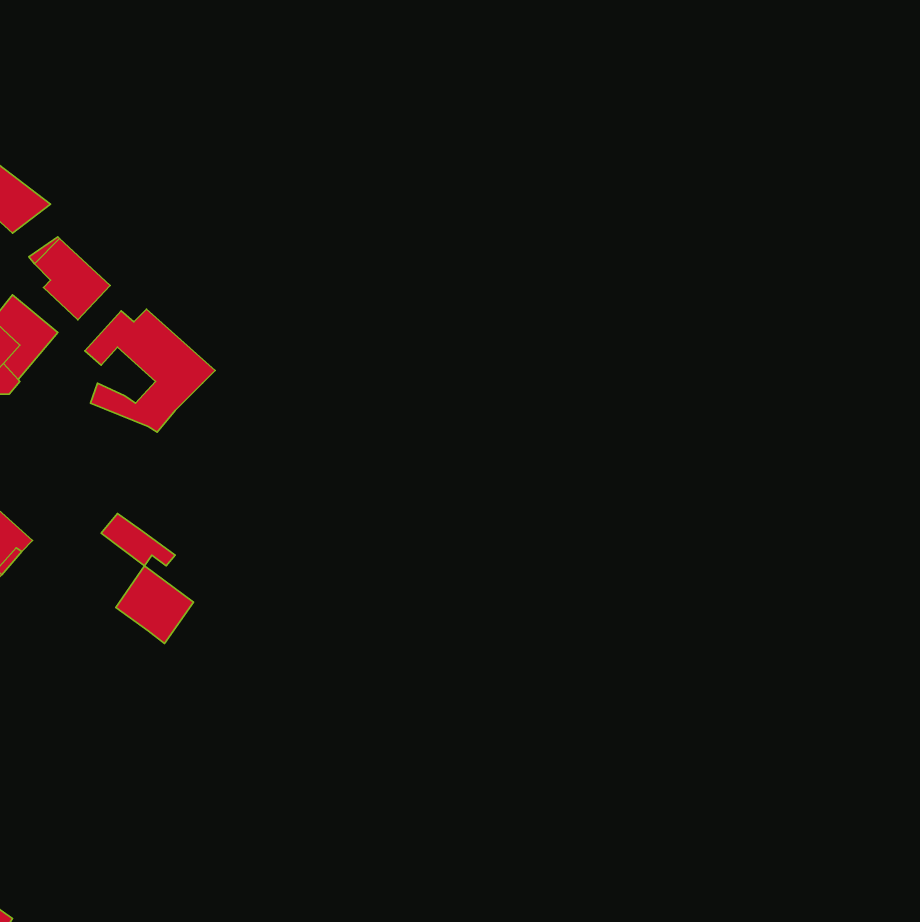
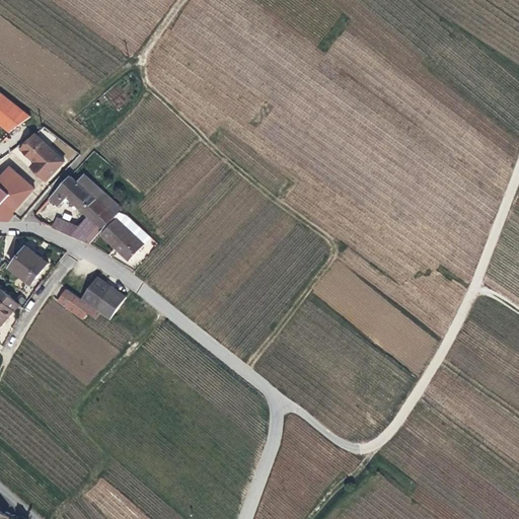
building: none -> [98,216,142,261]
building: none -> [9,246,47,283]
building: [116,566,193,644] -> [80,276,124,319]

